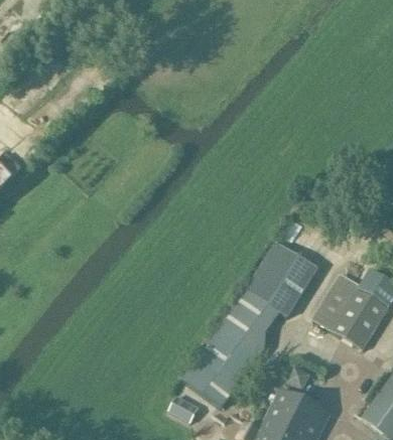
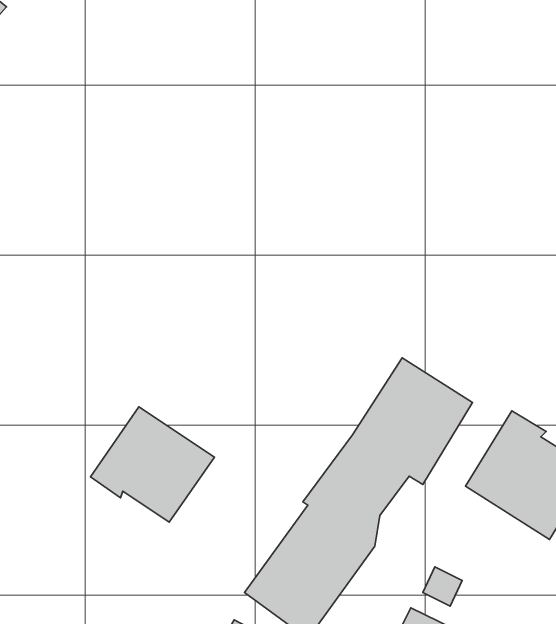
building: none -> [91,407,214,522]

